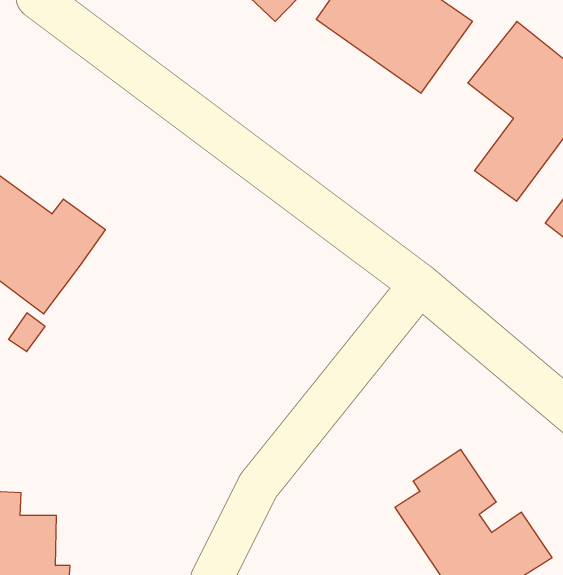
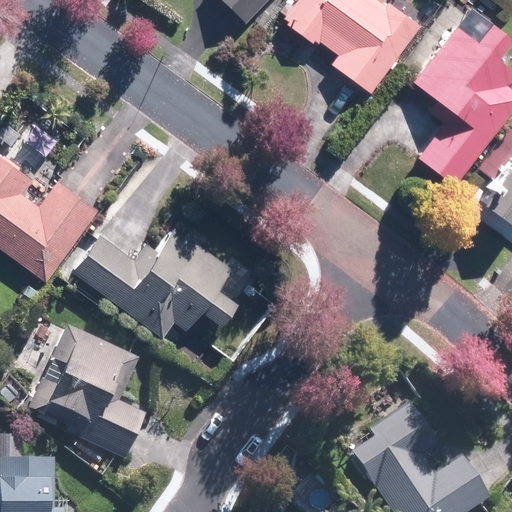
building: none -> [76,225,233,334]
building: none -> [29,327,147,461]

